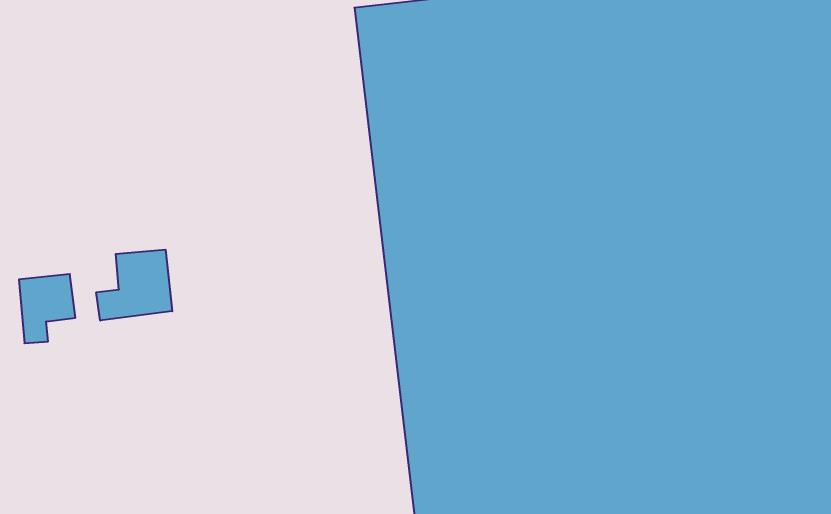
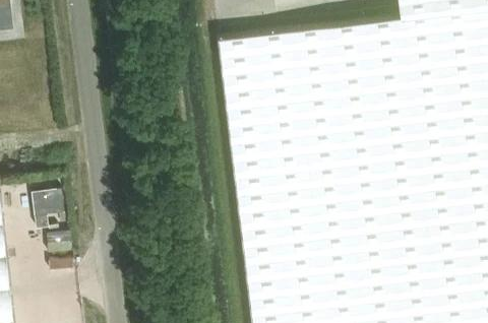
building: [96,250,172,321] -> none

